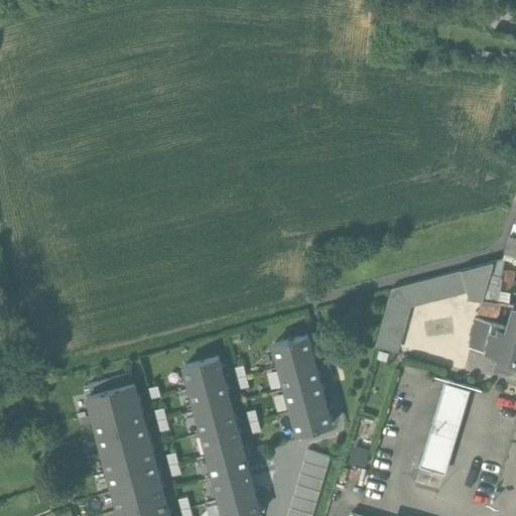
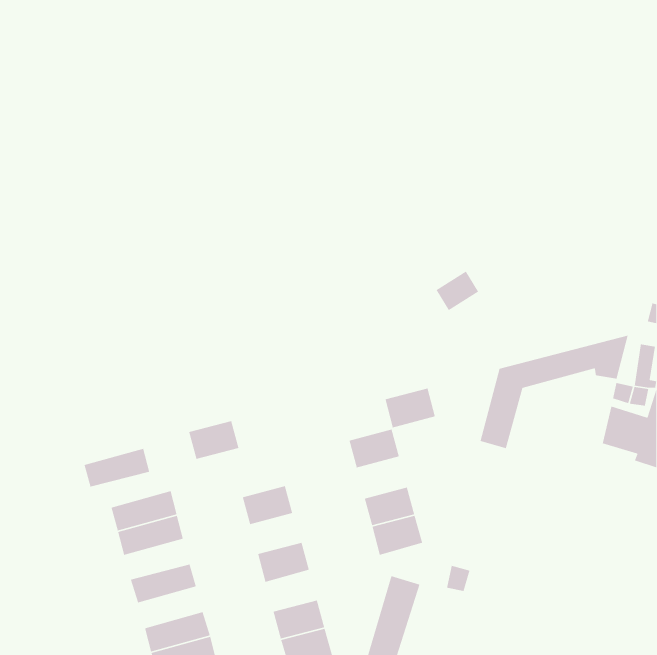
building: none -> [435,271,479,311]
building: [183,360,224,391] -> [188,420,240,460]
building: [279,360,319,392] -> [384,387,436,429]
building: [420,385,469,476] -> none
building: [196,404,237,435] -> none
building: [97,424,149,456] -> [83,448,150,488]
building: [208,448,249,481] -> none
building: [108,462,159,494] -> none

